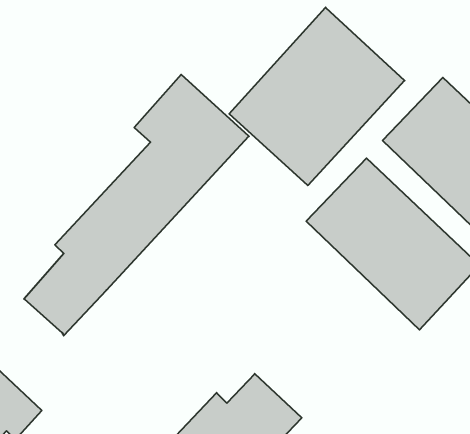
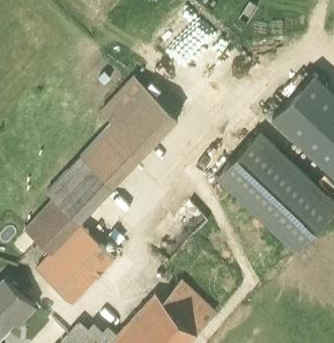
building: [229,7,405,185] -> none
building: none -> [36,225,117,305]

